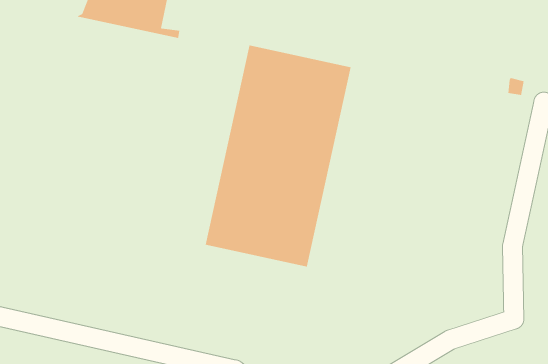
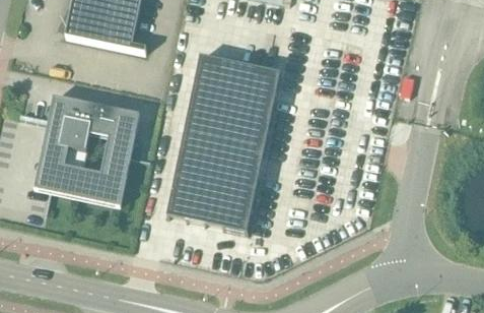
building: none -> [20,97,150,212]

